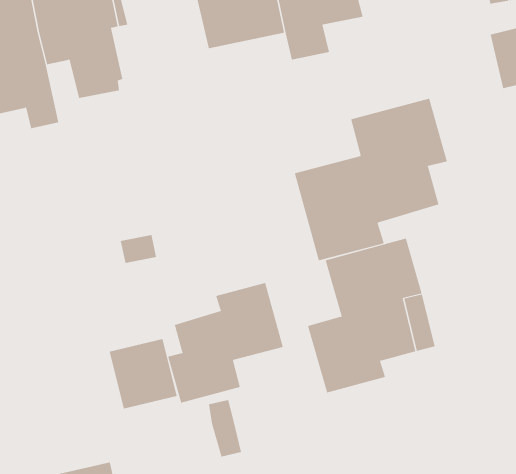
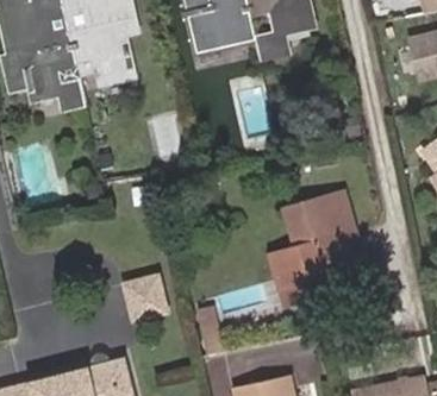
building: [294,98,447,261] -> none
building: [168,282,283,403] -> none

